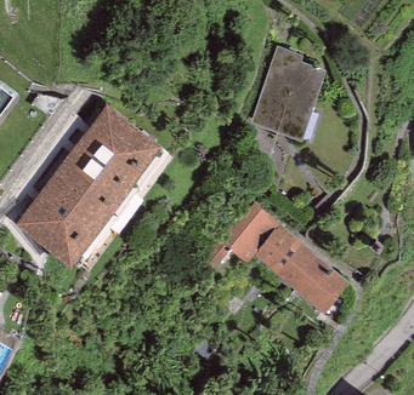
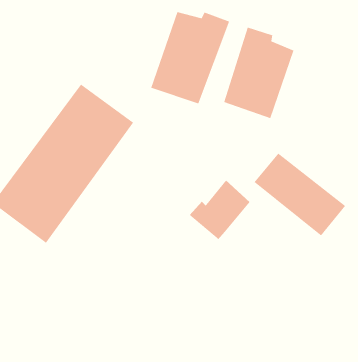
building: none -> [150,11,230,105]
building: [255,227,350,313] -> [253,152,346,237]

